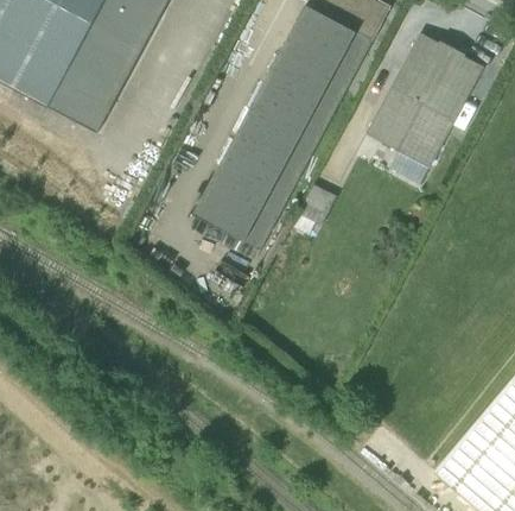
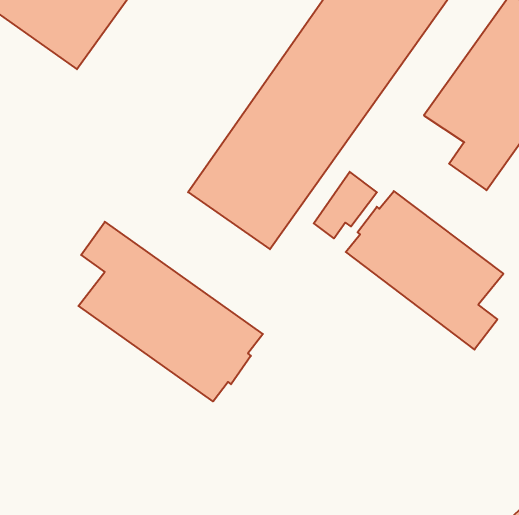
building: none -> [346,191,503,350]
building: none -> [78,222,263,401]

